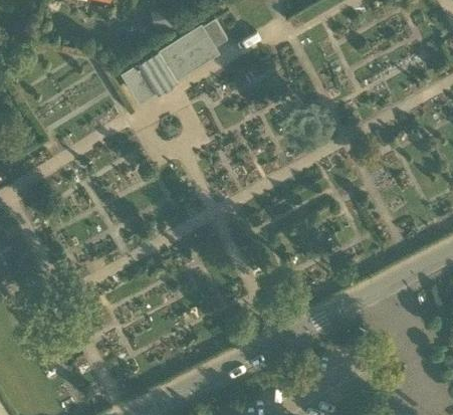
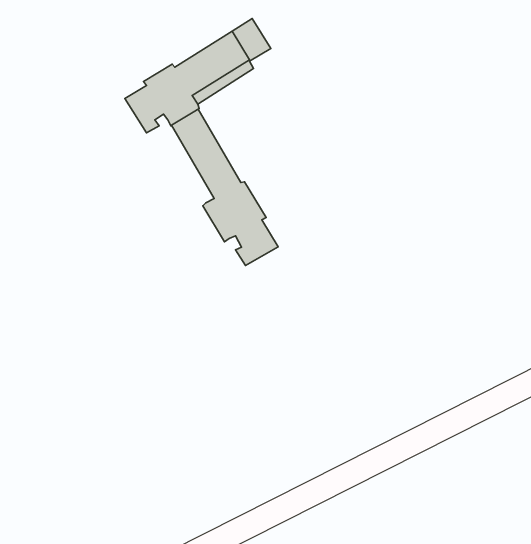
building: none -> [172,109,278,265]

